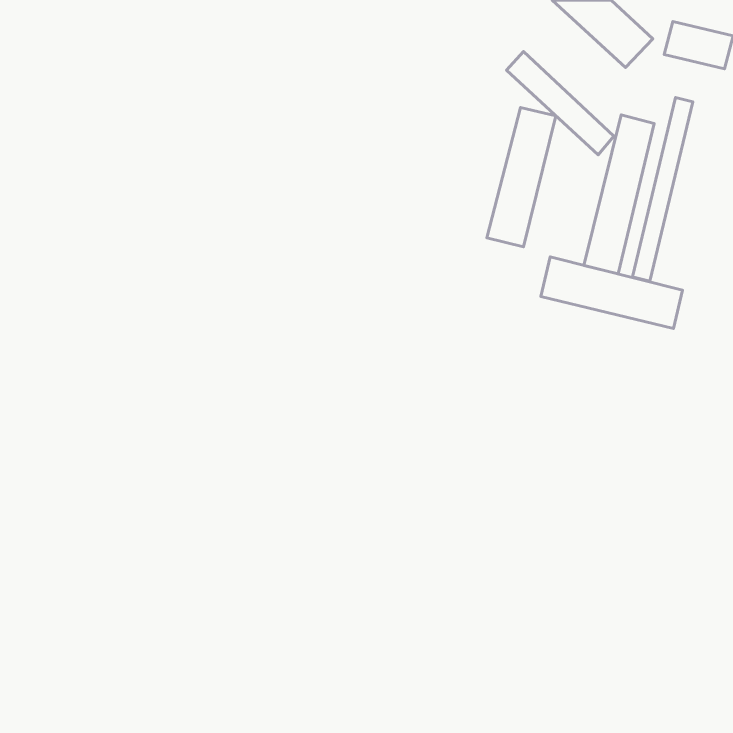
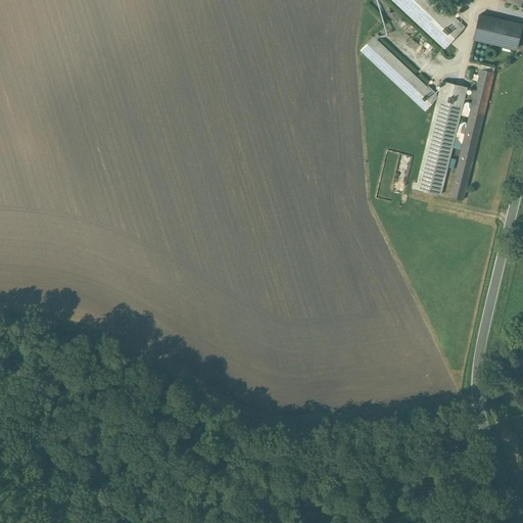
building: [487,108,556,247] -> none
building: [541,257,682,328] -> none

